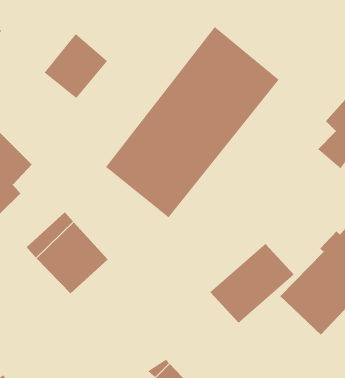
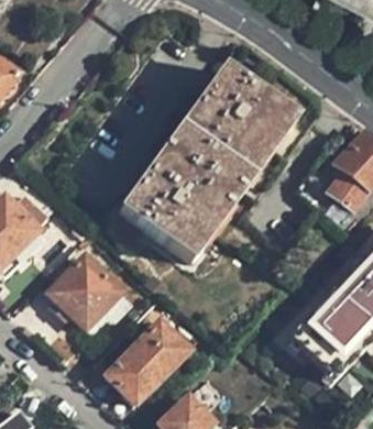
building: [44,33,108,99] -> none
building: [210,243,295,323] -> [107,329,190,408]

